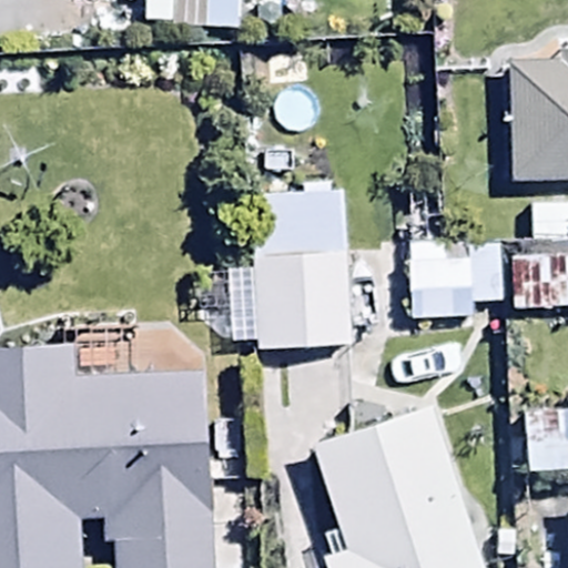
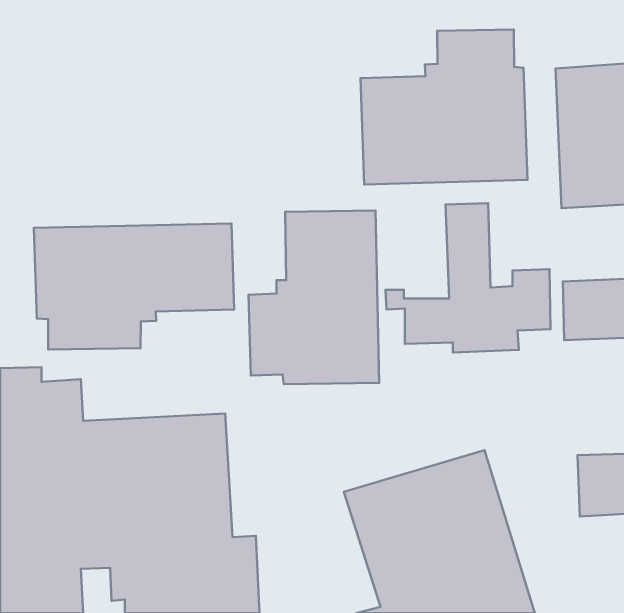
building: none -> [361,30,528,184]
building: none -> [34,224,234,349]

